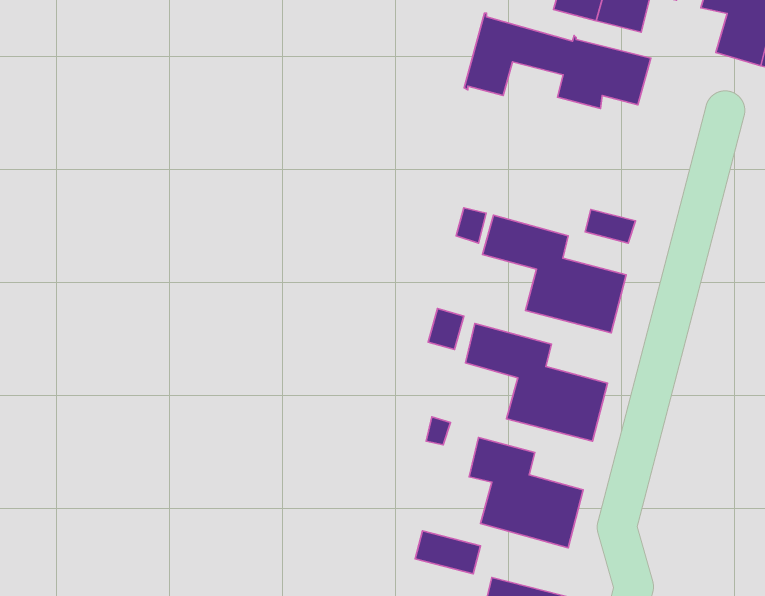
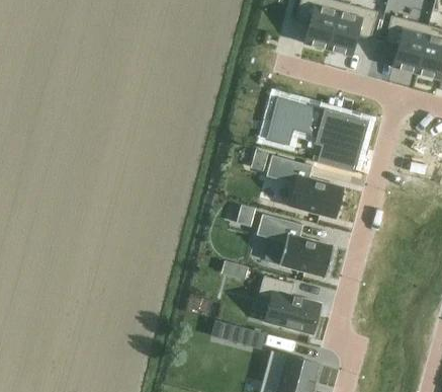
building: [464,13,651,108] -> [265,97,366,149]

